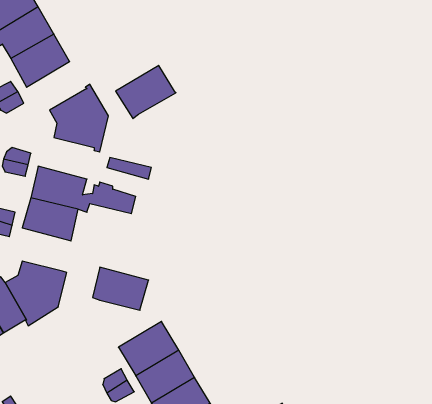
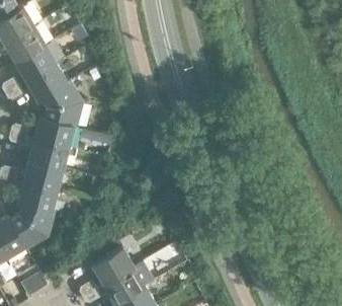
building: [116,65,176,119] -> [26,64,69,101]
building: none -> [34,117,74,147]
building: [93,267,149,310] -> [18,181,58,212]

